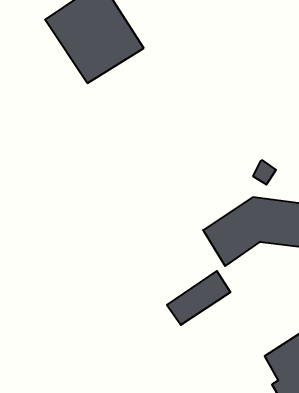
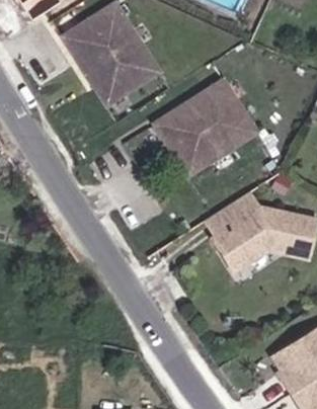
building: none -> [151,84,248,175]
building: [167,271,231,325] -> [201,187,261,239]

